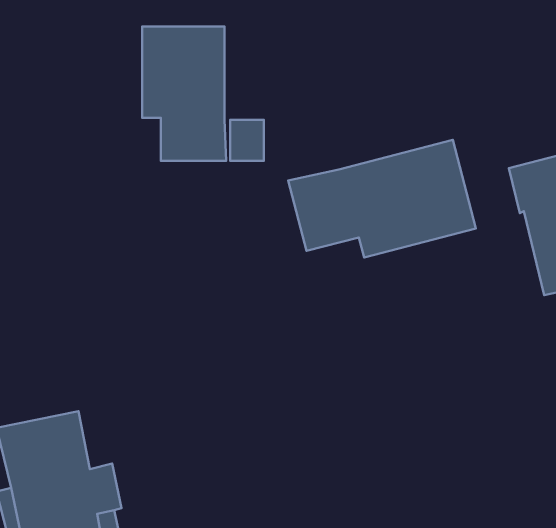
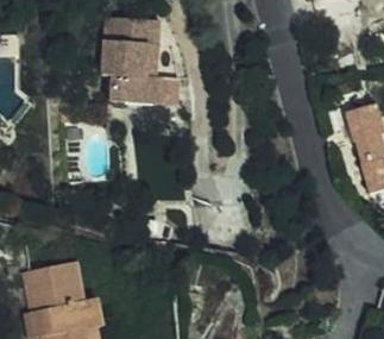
building: [288,140,476,258] -> none

